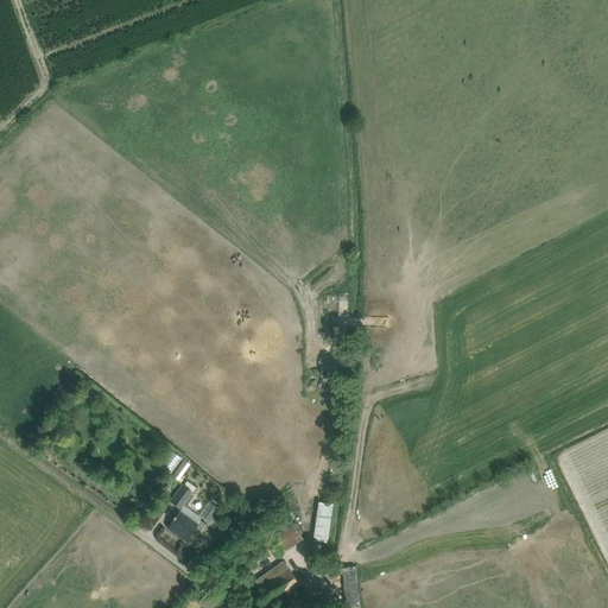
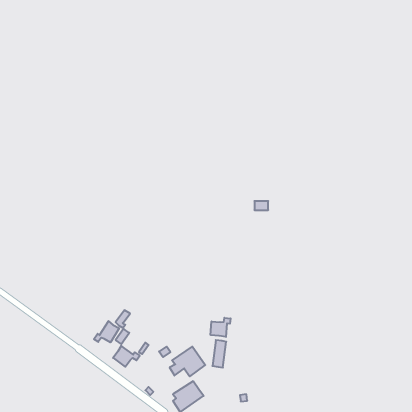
building: none -> [211,318,231,337]
building: none -> [94,321,119,342]

